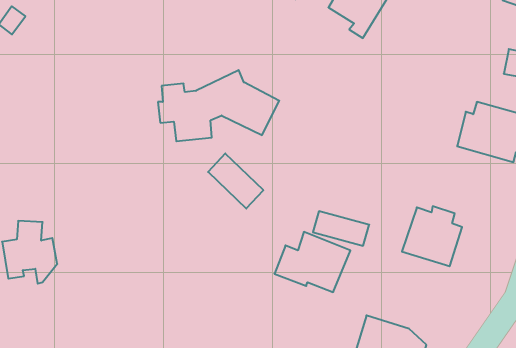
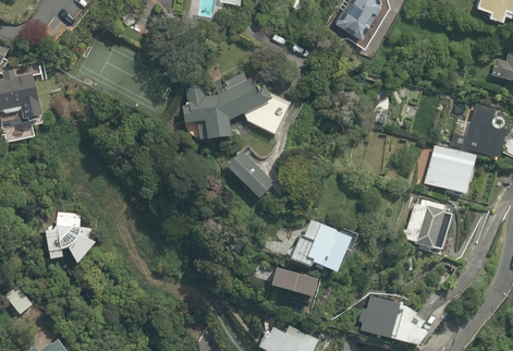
building: none -> [420,144,477,195]
building: [313,211,369,246] -> [270,266,320,296]

